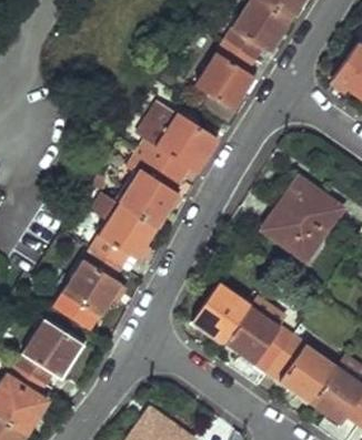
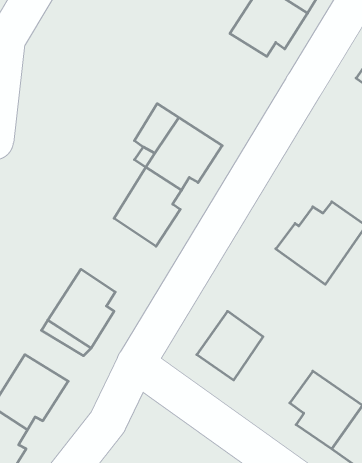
building: [194,41,254,110] -> none
building: [92,202,158,266] -> none
building: [225,305,294,364] -> none

